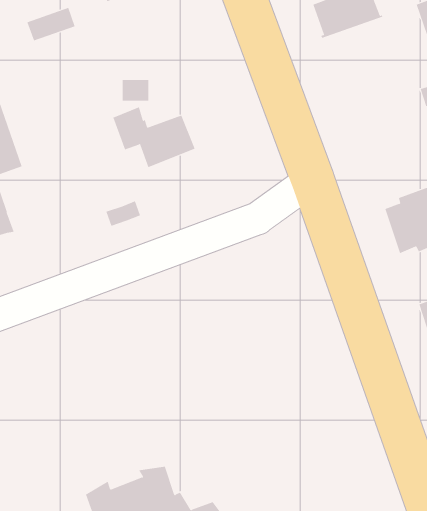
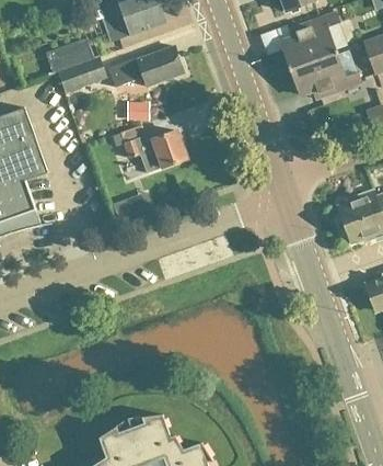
building: none -> [107,45,183,87]
building: none -> [288,50,360,95]
building: none -> [56,56,105,91]

